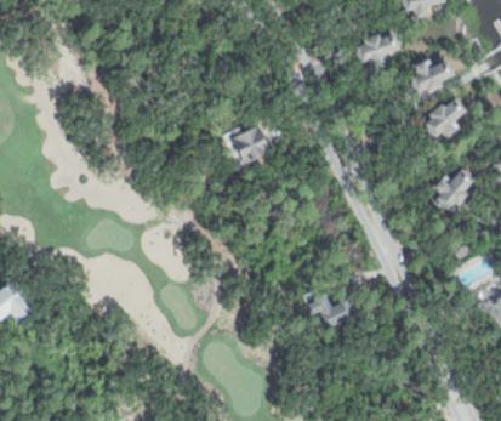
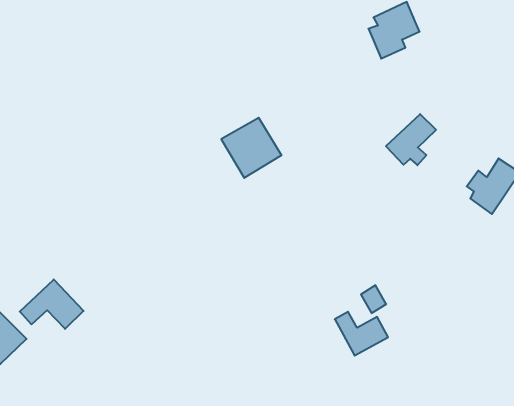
building: [411,58,454,99] -> none
building: [421,96,466,141] -> [386,114,436,165]
building: none -> [20,279,84,329]

